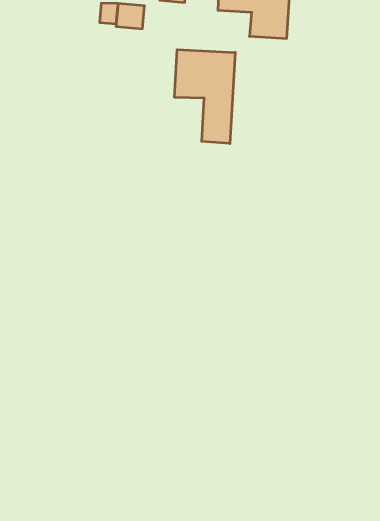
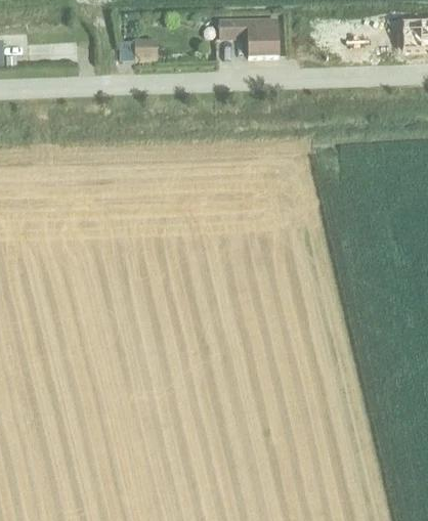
building: [175,50,235,144] -> none

